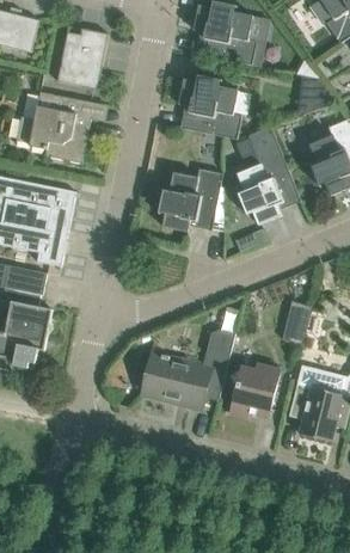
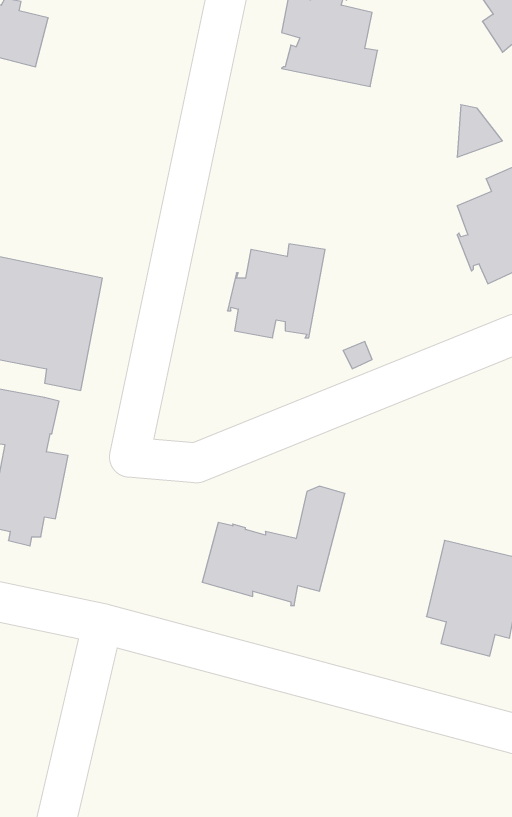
building: [56,25,106,88] -> none
building: [177,74,240,139] -> none
building: [16,91,90,162] -> none
building: [235,125,300,225] -> none
building: [281,300,311,344] -> none
building: [231,363,280,414] -> none

